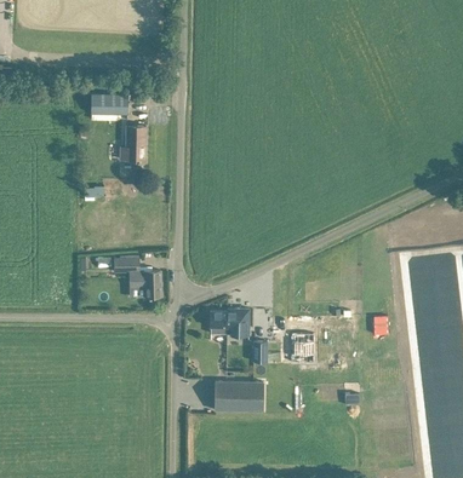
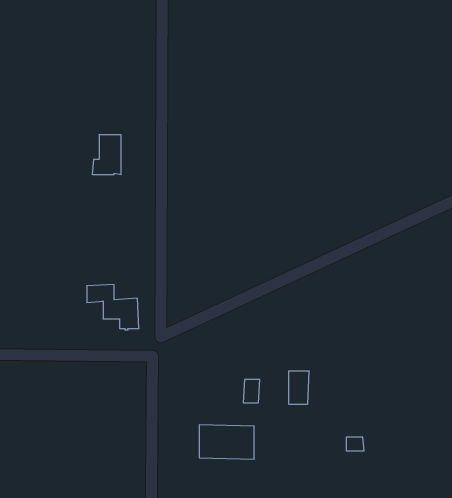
building: [91,94,127,114] -> none
building: [210,309,250,335] -> none

